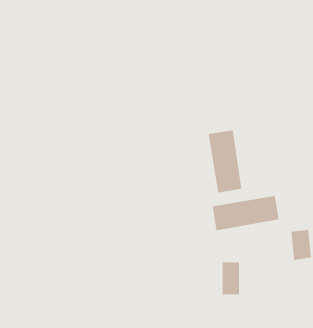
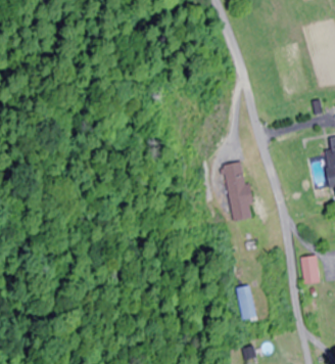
building: [212,195,279,231] -> none

